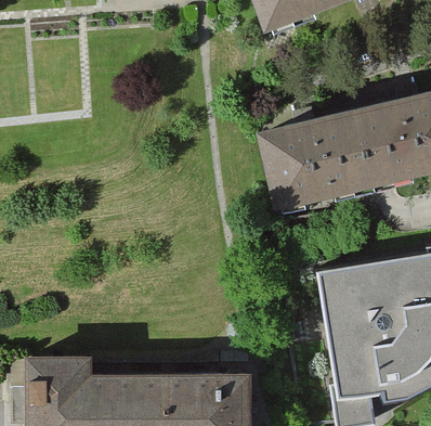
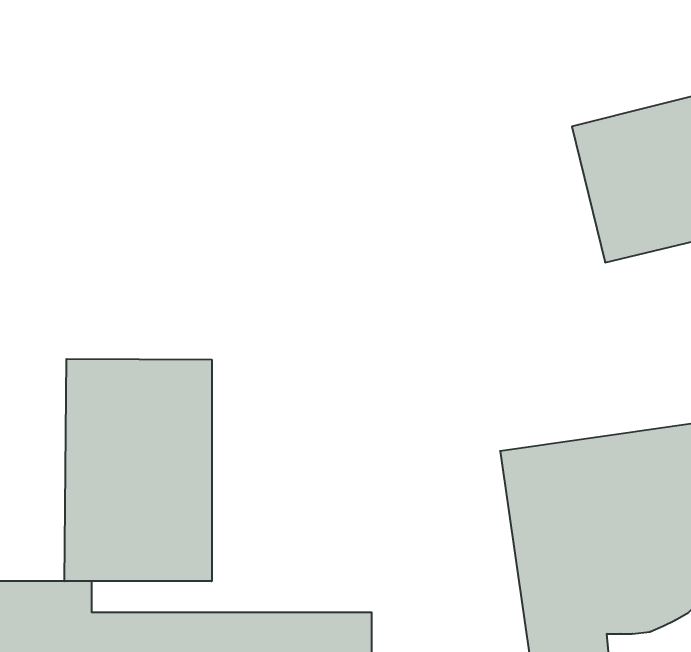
building: [260,104,379,205] -> none
building: none -> [65,359,212,581]

